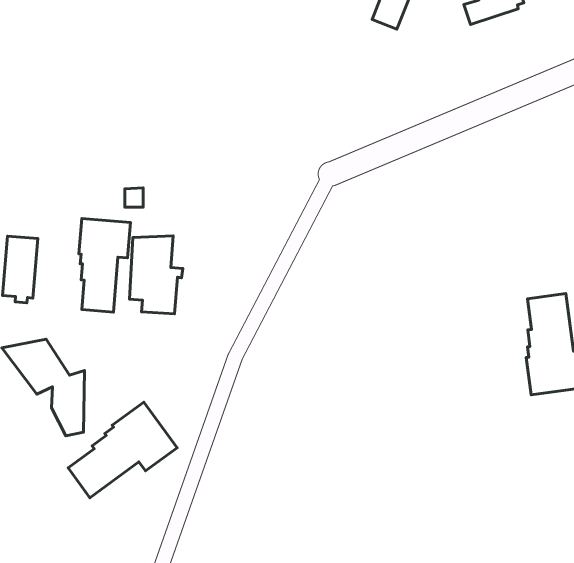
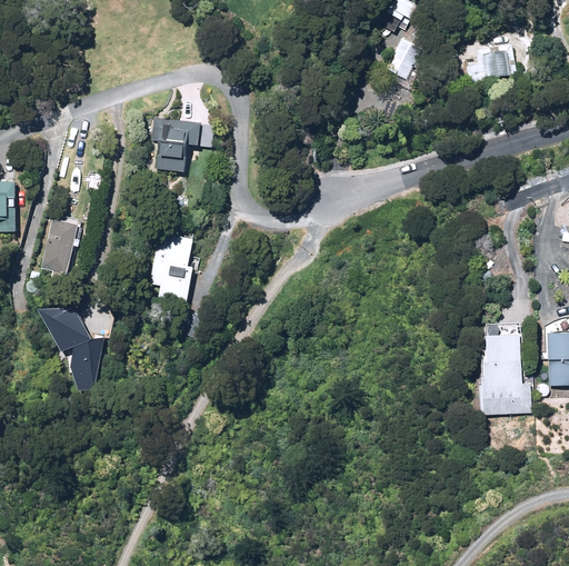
building: none -> [151,116,200,167]
building: [79,218,130,312] -> none
building: [68,402,177,498] -> none

